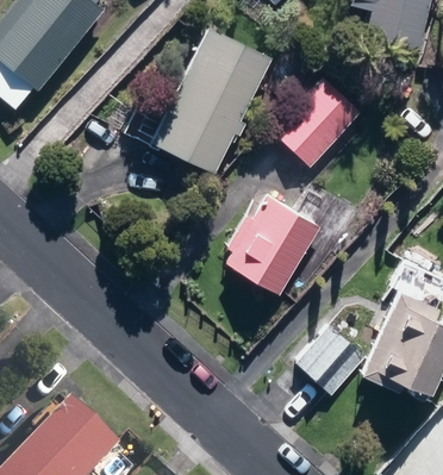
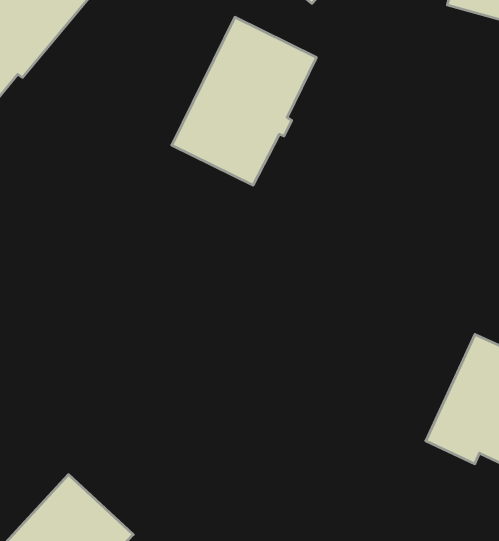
building: [276,77,360,164] -> none
building: [229,194,322,290] -> none
building: [286,323,351,388] -> none

